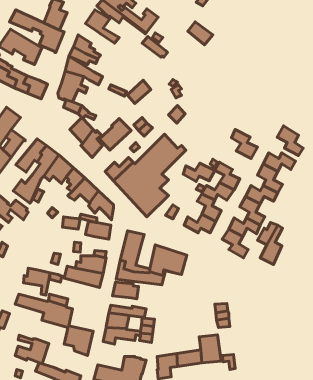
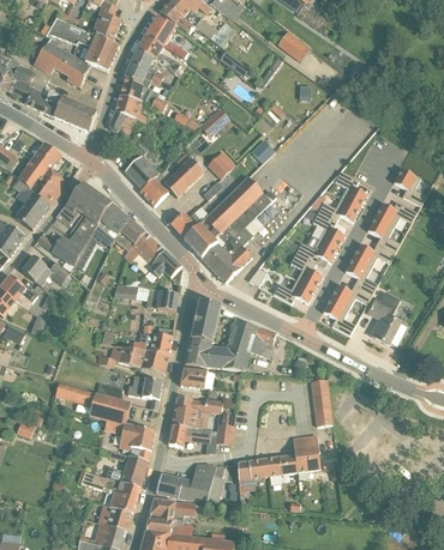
building: none -> [136,34,180,72]
building: [183,163,215,182] -> [318,198,359,222]
building: [23,268,50,295] -> [127,375,162,410]
building: [15,335,49,364] -> [104,451,148,488]

